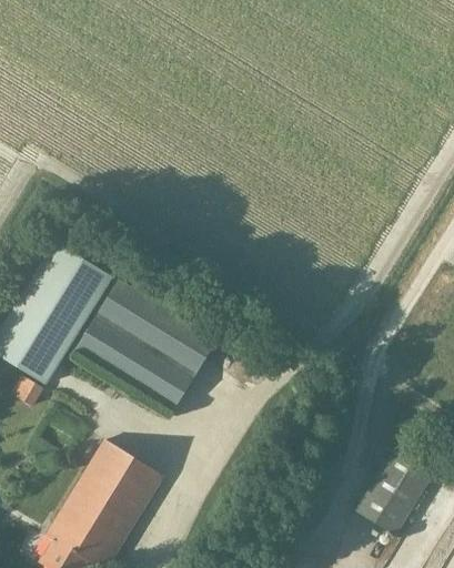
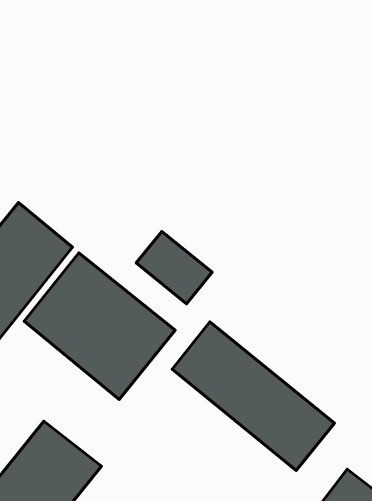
building: none -> [136,231,212,304]
building: none -> [172,322,335,471]

